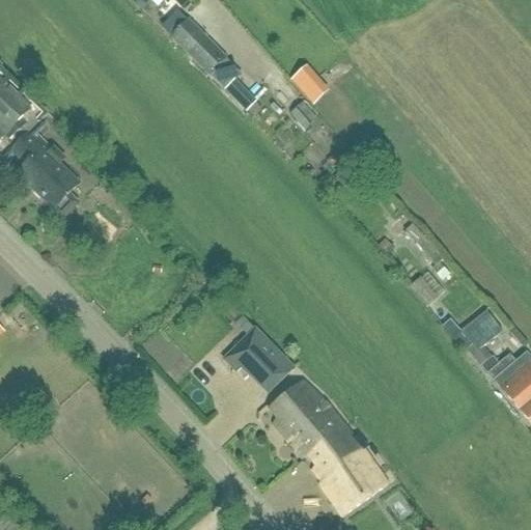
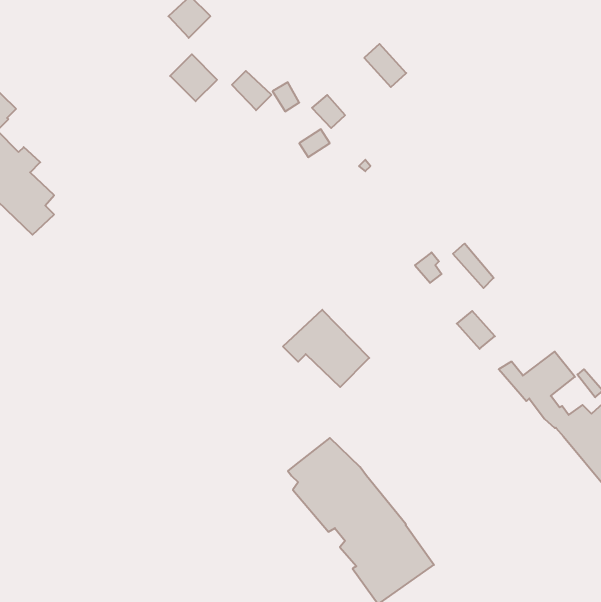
building: [188,34,226,73] -> [170,54,217,101]
building: [291,65,326,101] -> [364,44,406,87]
building: [223,326,294,389] -> [283,310,369,387]

